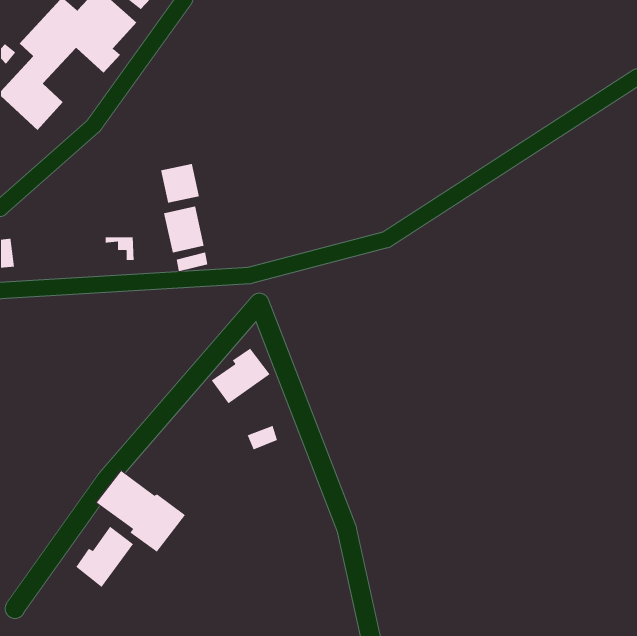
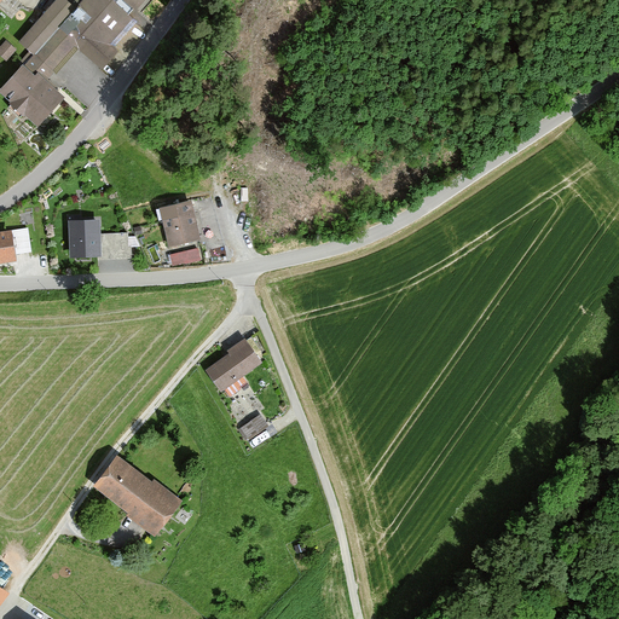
building: [161,163,199,203] -> none
building: none -> [70,220,99,255]
building: [75,526,134,588] -> none

